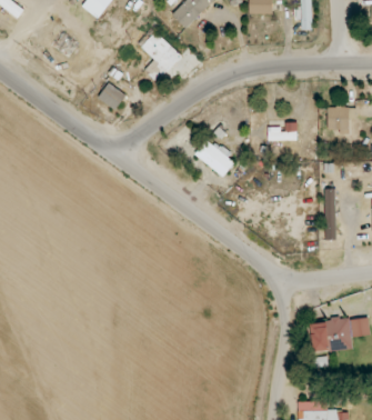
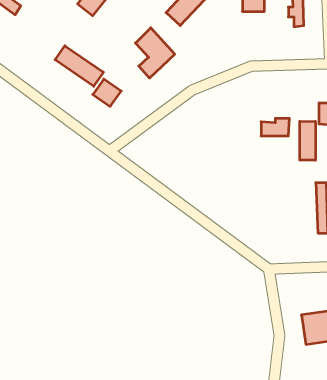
building: none -> [55,46,103,86]
building: none -> [300,121,315,160]
building: [195,138,237,177] -> none

